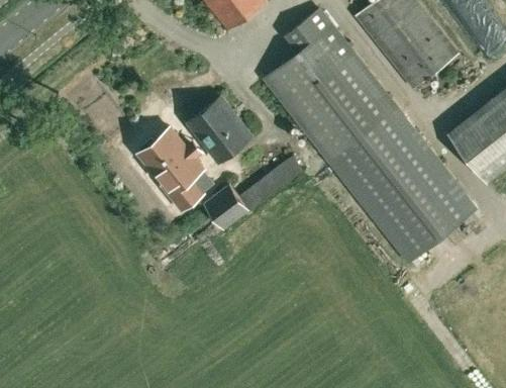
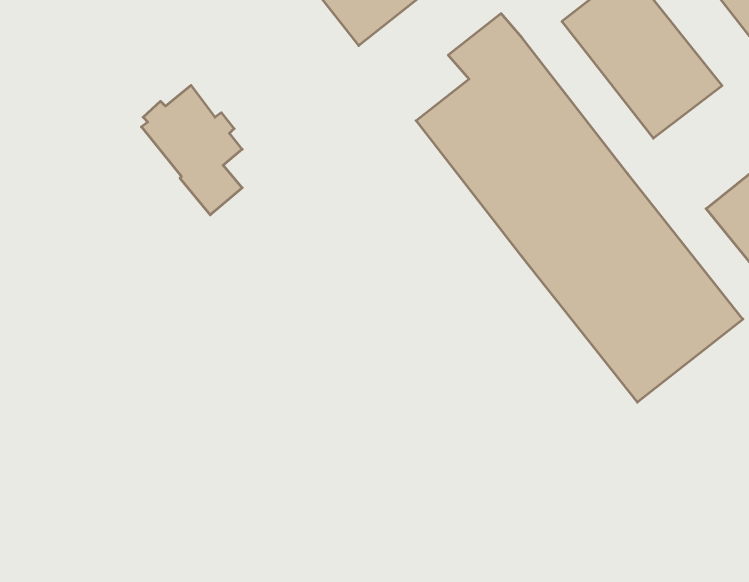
building: [189,98,251,162] -> none
building: [139,128,203,210] -> [141,85,242,215]
building: [204,157,305,231] -> none

